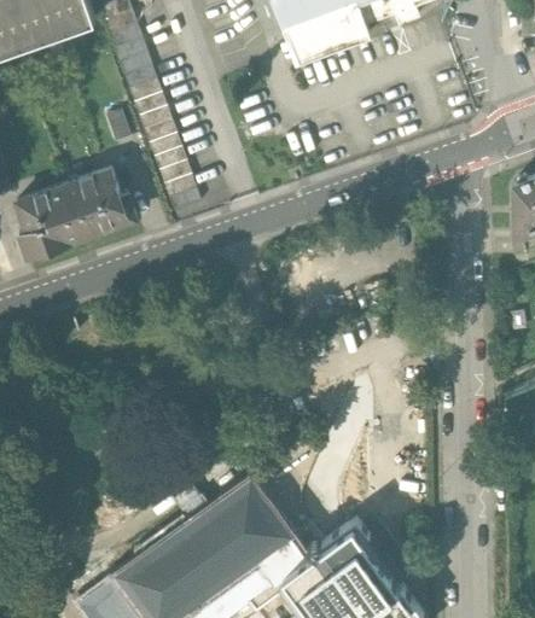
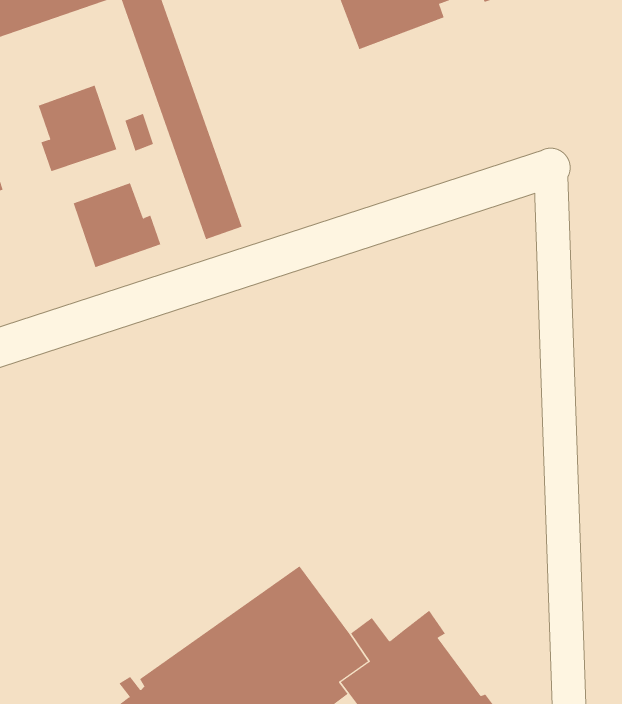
building: [16,182,81,253] -> [38,85,117,172]

